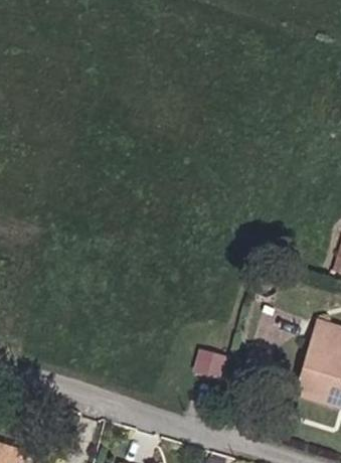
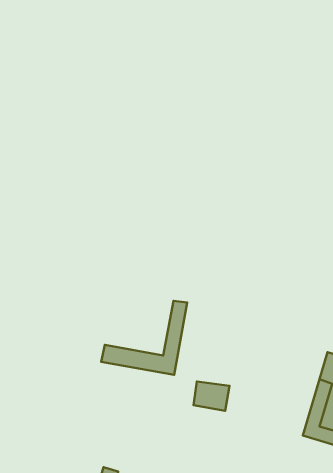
building: none -> [101,301,187,375]

